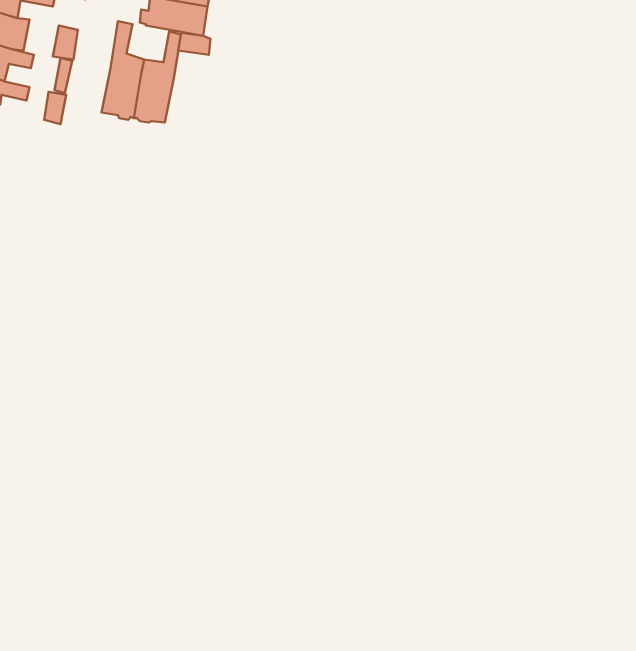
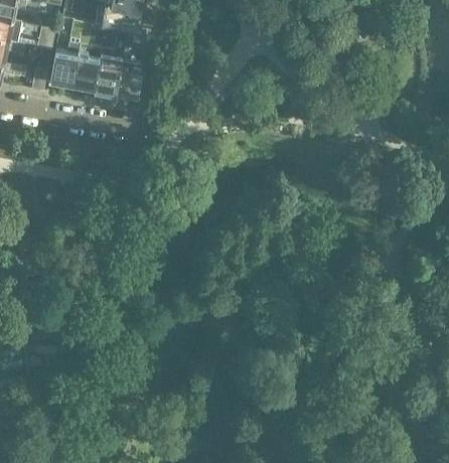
building: none -> [48,21,81,86]
building: none -> [113,63,141,99]

